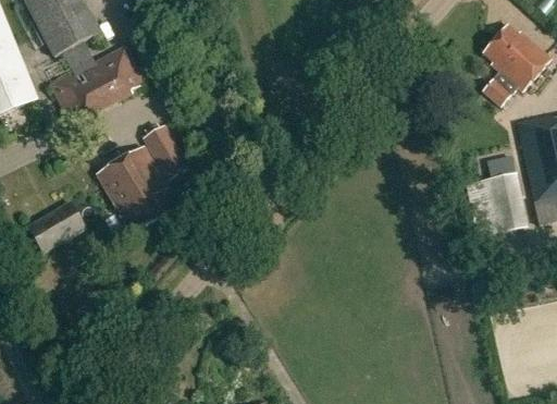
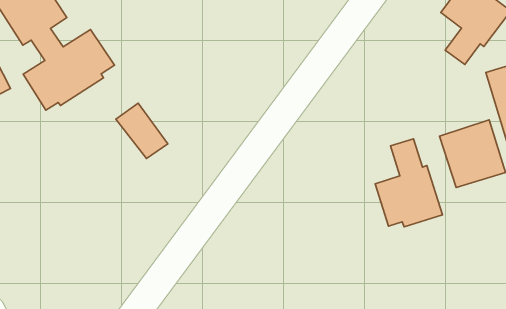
building: [96,146,173,232] -> none
building: none -> [375,139,442,227]
building: [26,200,85,253] -> none

